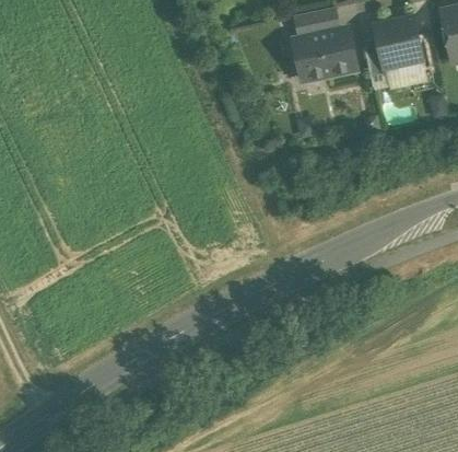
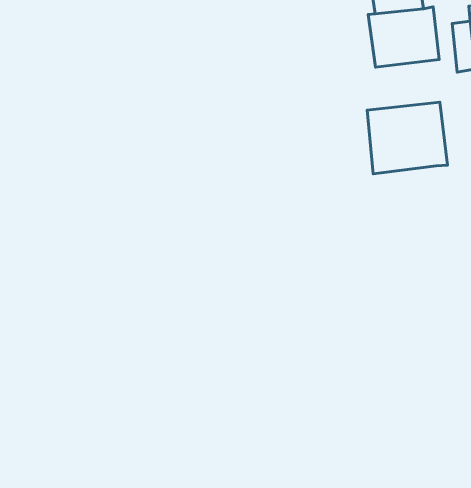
building: none -> [367,102,447,174]

